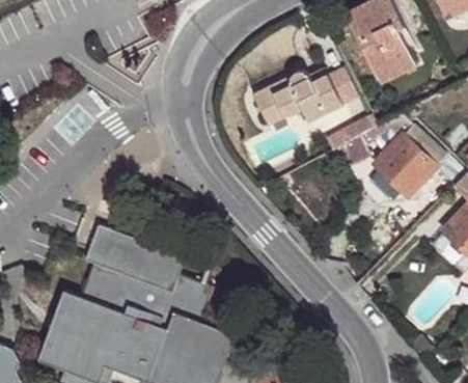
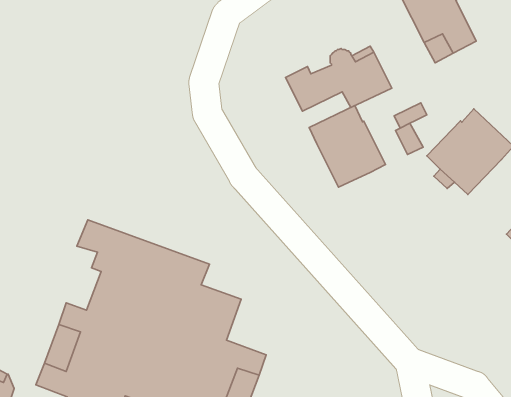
building: none -> [309,106,385,187]

